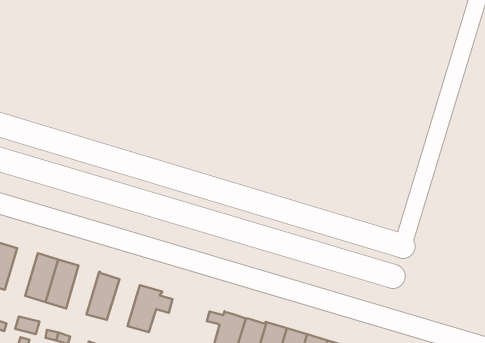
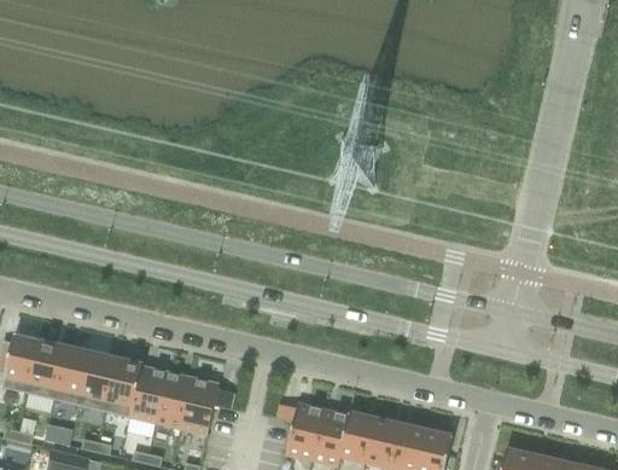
building: none -> [28,341,65,399]
building: none -> [104,358,141,417]
building: none -> [154,371,192,428]

